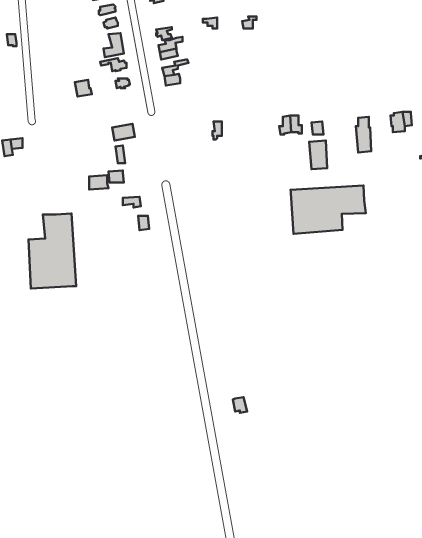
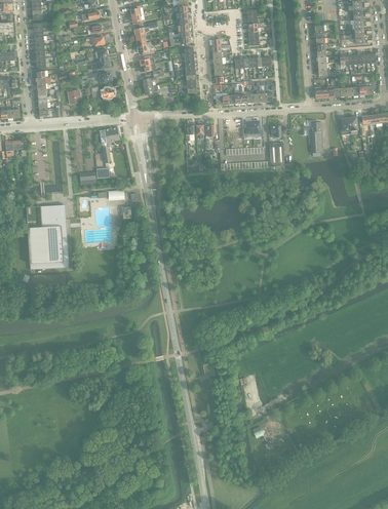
building: [290,185,366,234] -> none

